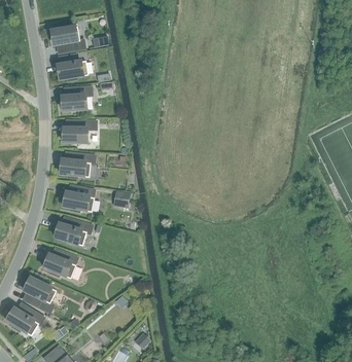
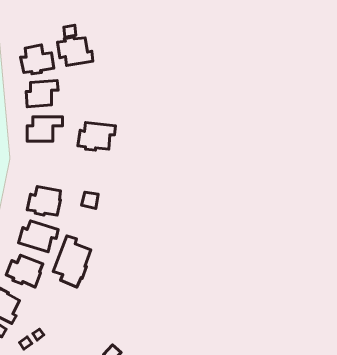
building: [51,26,84,52] -> [58,37,93,65]
building: [60,152,95,178] -> [78,123,116,150]
building: none -> [53,236,91,287]

